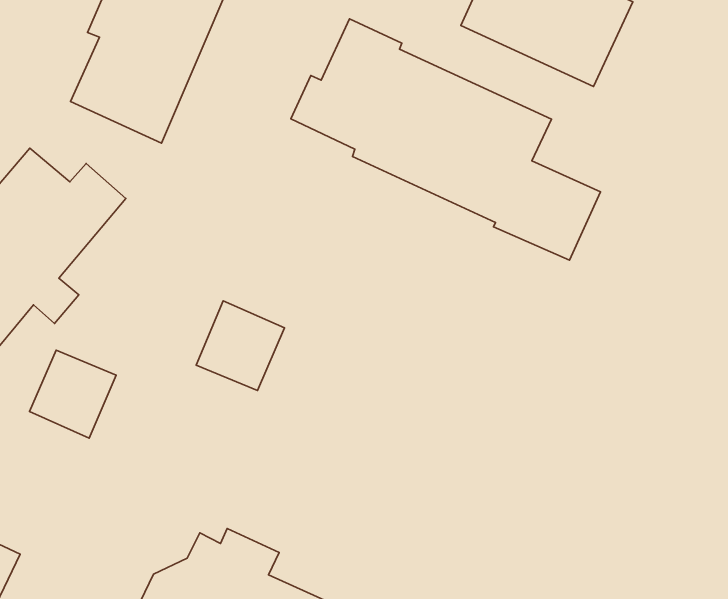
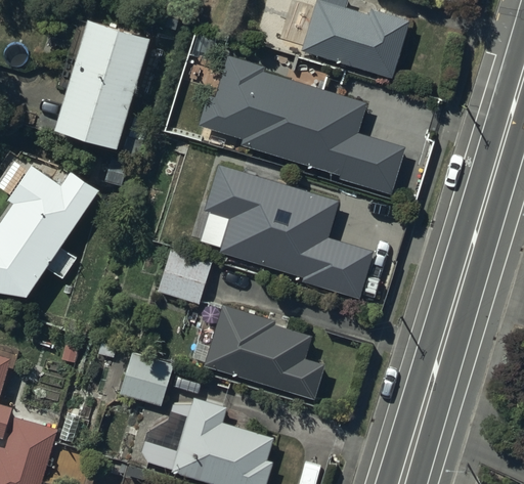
building: none -> [205,166,372,298]
building: [29,350,116,438] -> [120,352,173,406]
building: none -> [204,305,324,399]

